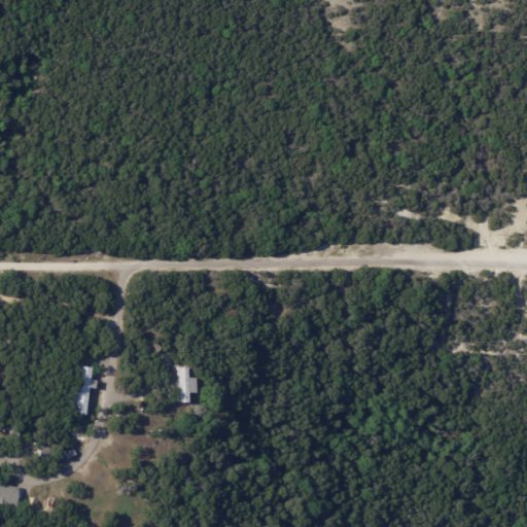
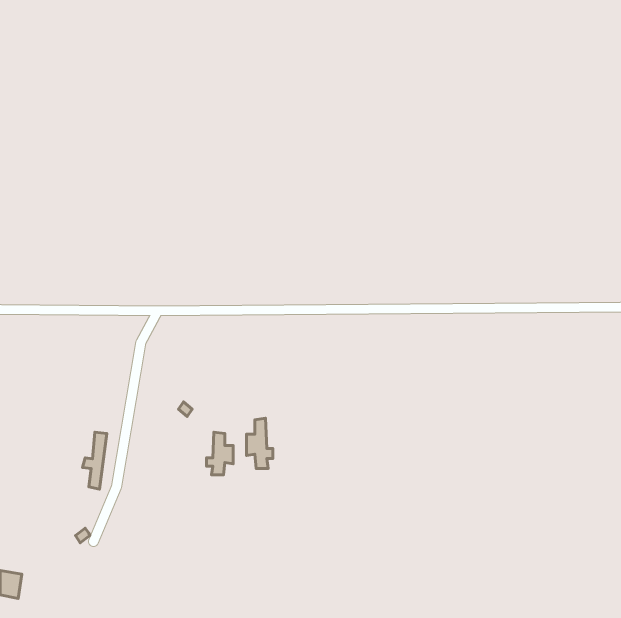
building: none -> [246,418,273,468]

